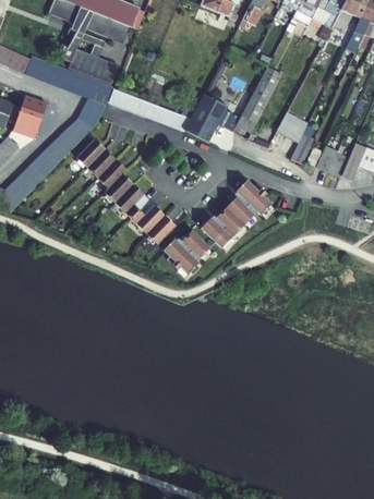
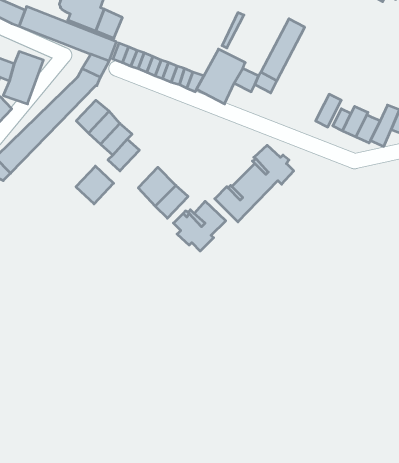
building: [276,111,309,143] -> none
building: [116,184,149,218] -> [76,166,114,204]

